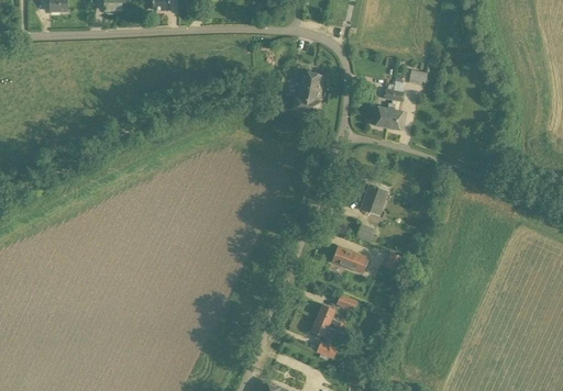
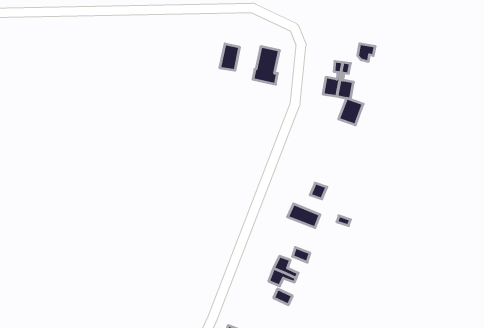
building: none -> [220,44,239,70]
building: [361,185,388,214] -> [339,98,363,125]

